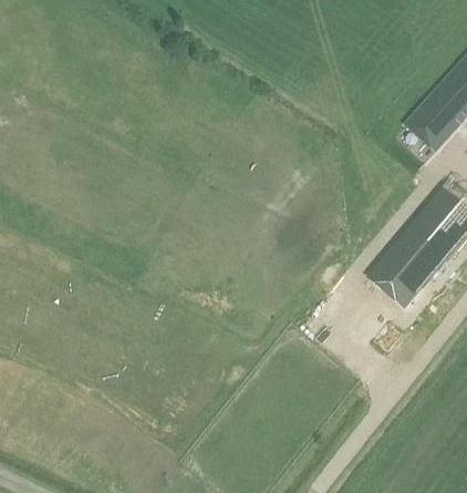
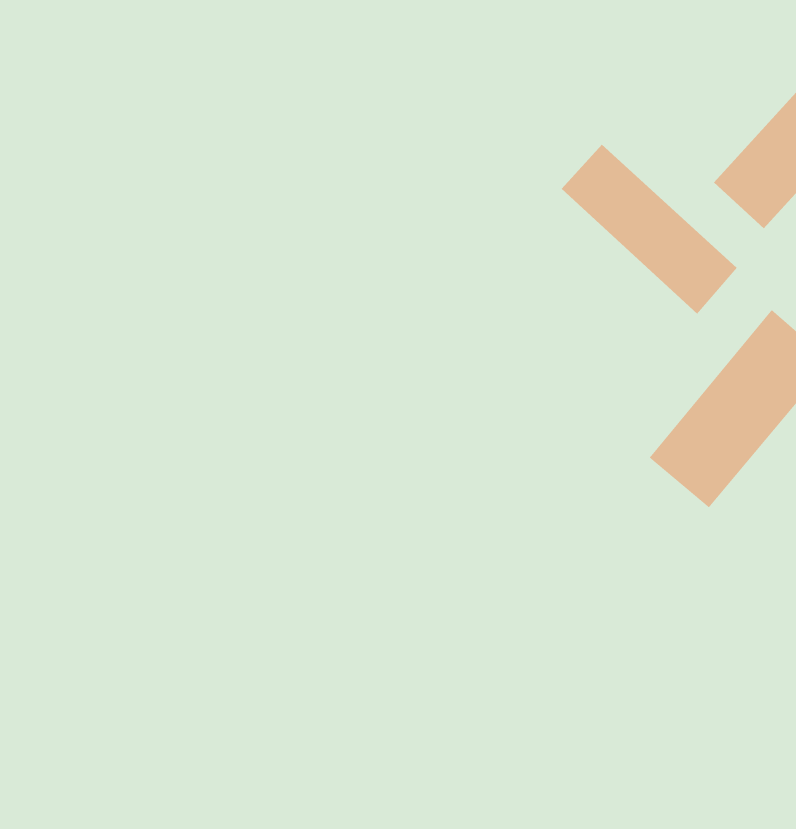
building: none -> [561,144,738,314]

